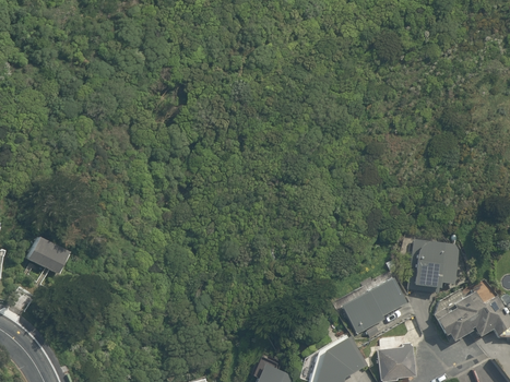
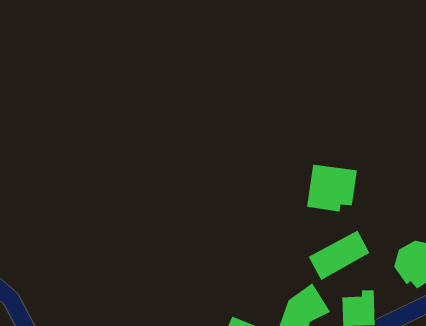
building: [26,237,67,273] -> none
building: [405,240,460,291] -> [306,164,358,212]

